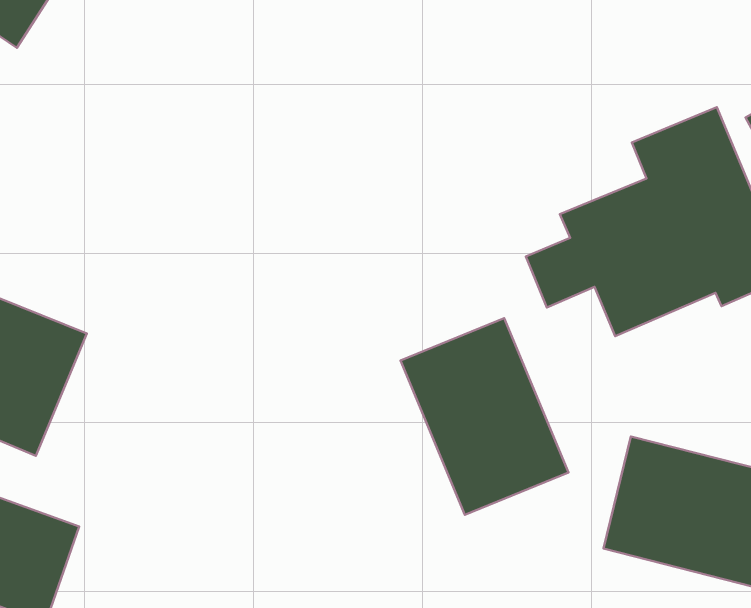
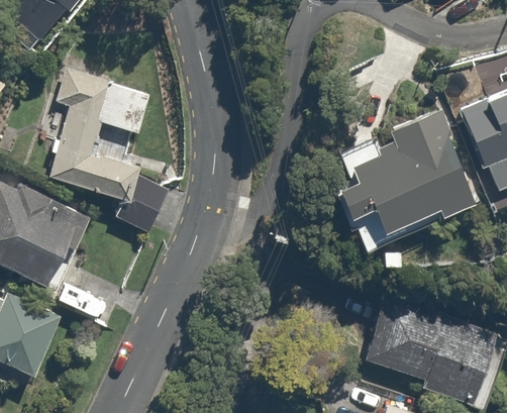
building: none -> [47,61,174,233]
building: [400,318,569,515] -> none

